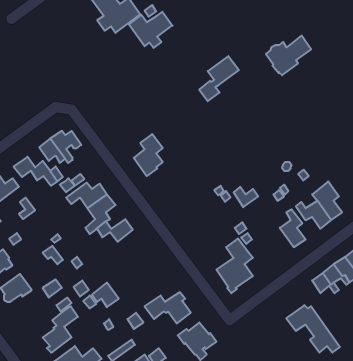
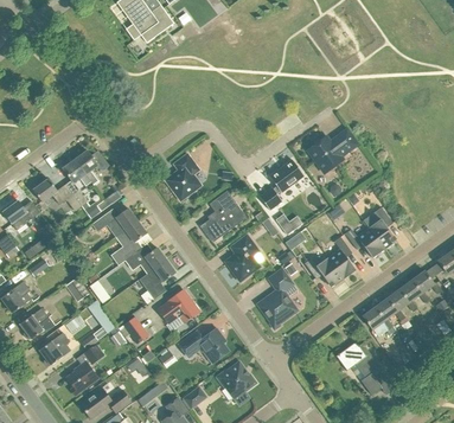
building: [129,12,173,48] -> none
building: [266,36,311,75] -> [307,129,357,173]
building: [199,56,239,101] -> [260,160,303,210]
building: none -> [199,191,245,242]
building: none -> [226,235,258,281]
building: none -> [303,257,343,288]
building: none -> [139,259,174,299]
building: none -> [158,290,199,323]
building: none -> [39,333,70,366]

